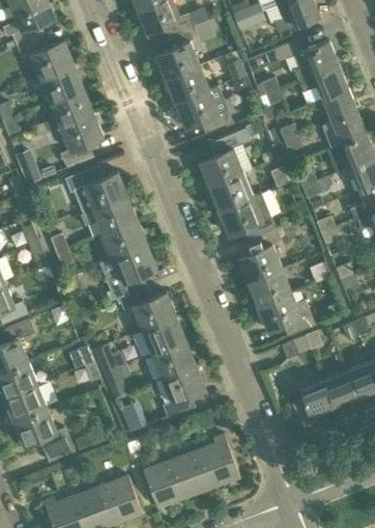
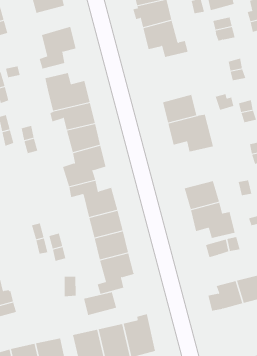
building: [42,90,92,132] -> none
building: [199,129,251,187] -> none
building: [237,230,281,283] -> none
building: none -> [84,292,117,316]

